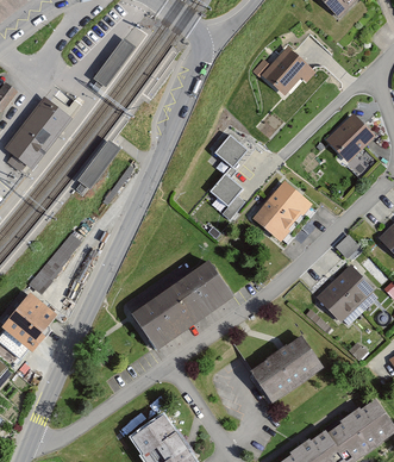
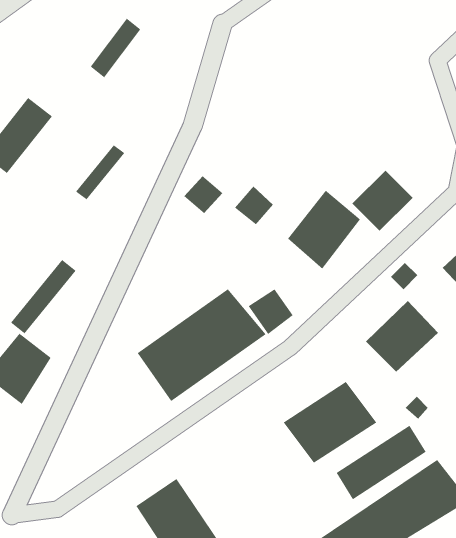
building: [263,49,314,93] -> none
building: [325,116,375,166] -> [352,170,413,232]
building: [214,136,246,167] -> [184,175,223,214]
building: none -> [248,289,293,335]
building: none -> [336,425,427,500]

